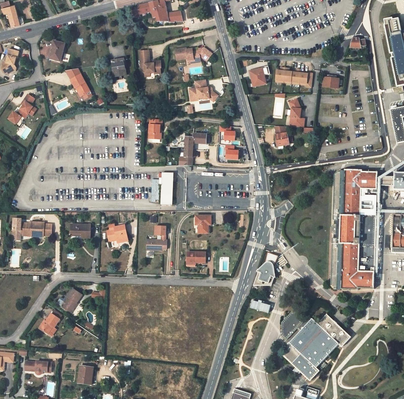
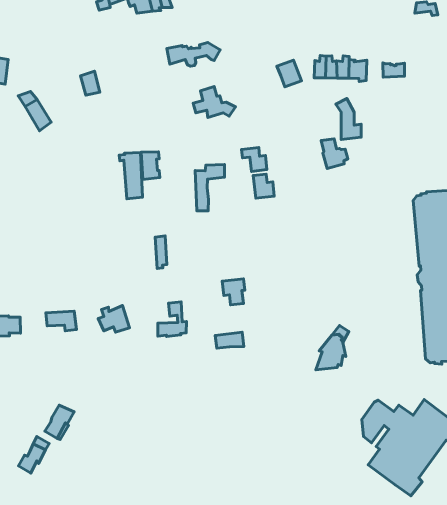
building: [139,50,161,77] -> none
building: [158,172,173,204] -> [119,153,143,199]

